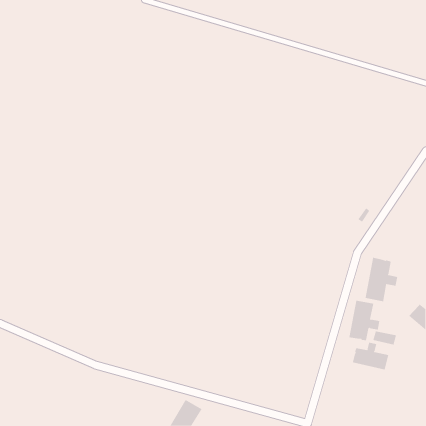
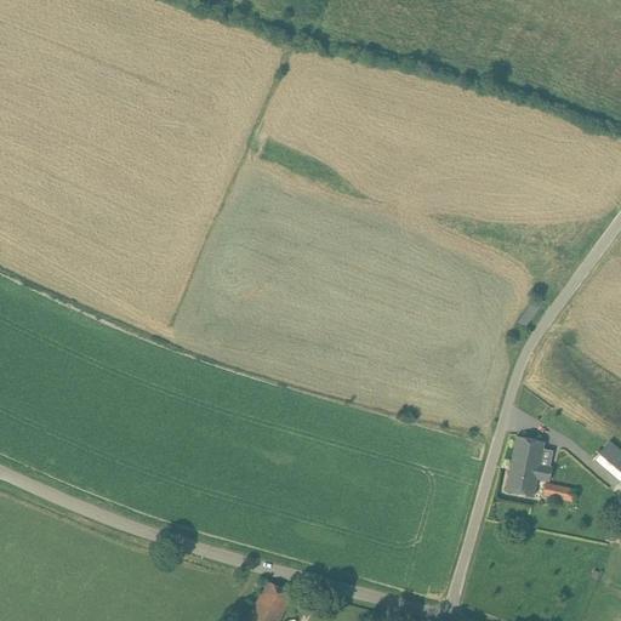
building: [365,257,398,302] -> none
building: [352,342,389,371] -> none

